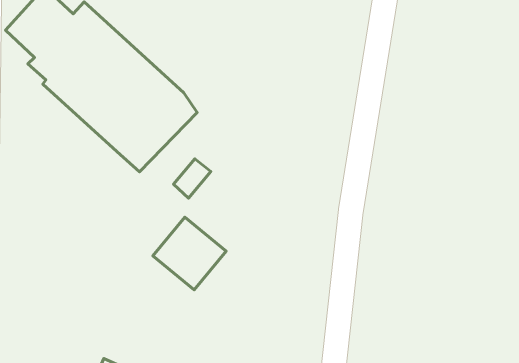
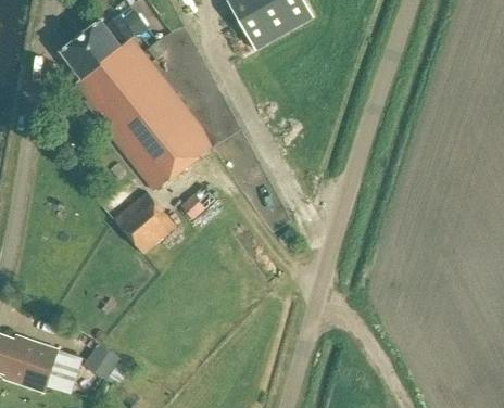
building: [153,217,226,290] -> [113,190,176,253]

